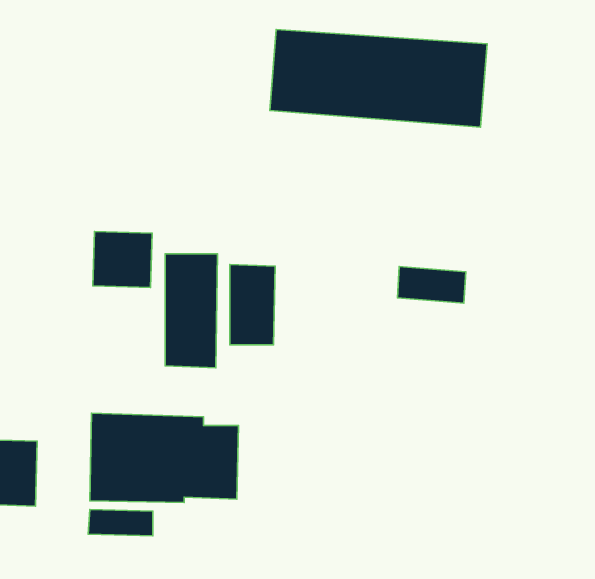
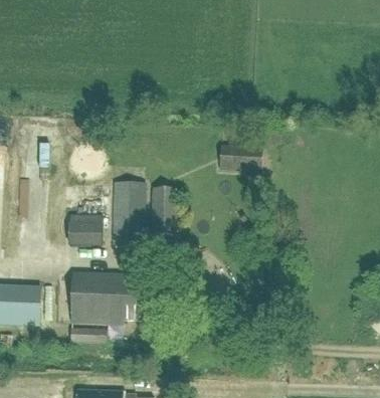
building: [270,29,487,127] -> none
building: [93,231,152,287] -> [68,213,103,245]
building: [397,266,466,303] -> [221,147,260,168]

